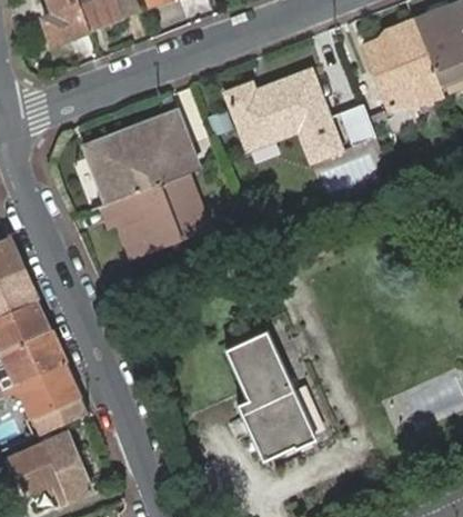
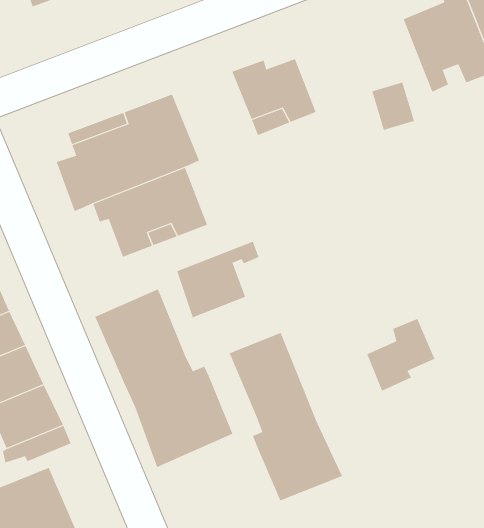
building: [276,72,336,159] -> none
building: none -> [177,241,259,318]
building: none -> [94,289,233,468]
building: none -> [366,318,435,391]

